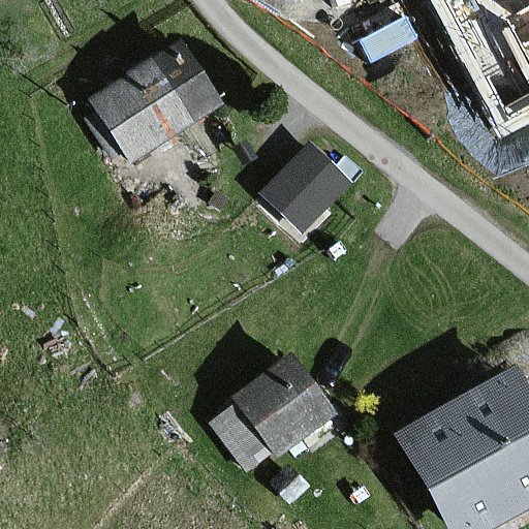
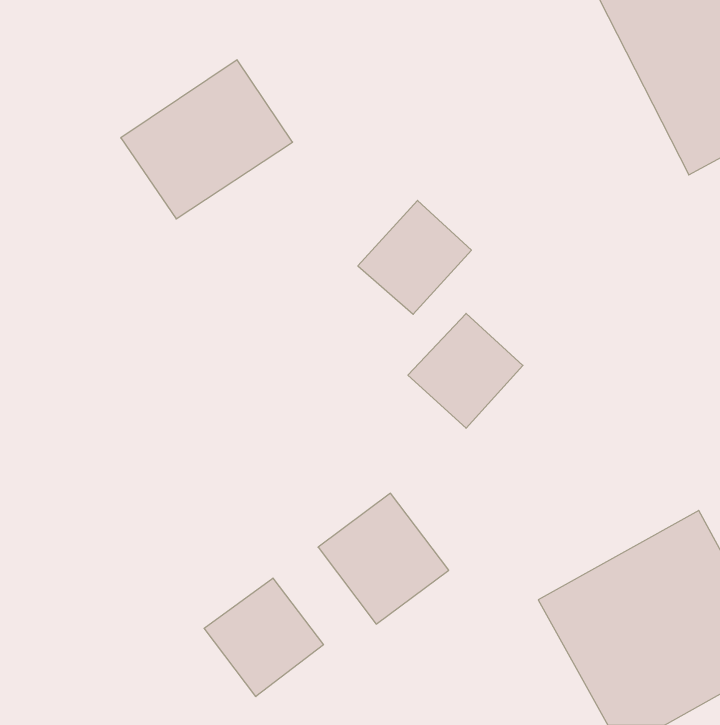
building: none -> [408,313,523,428]
building: none -> [204,578,323,697]

